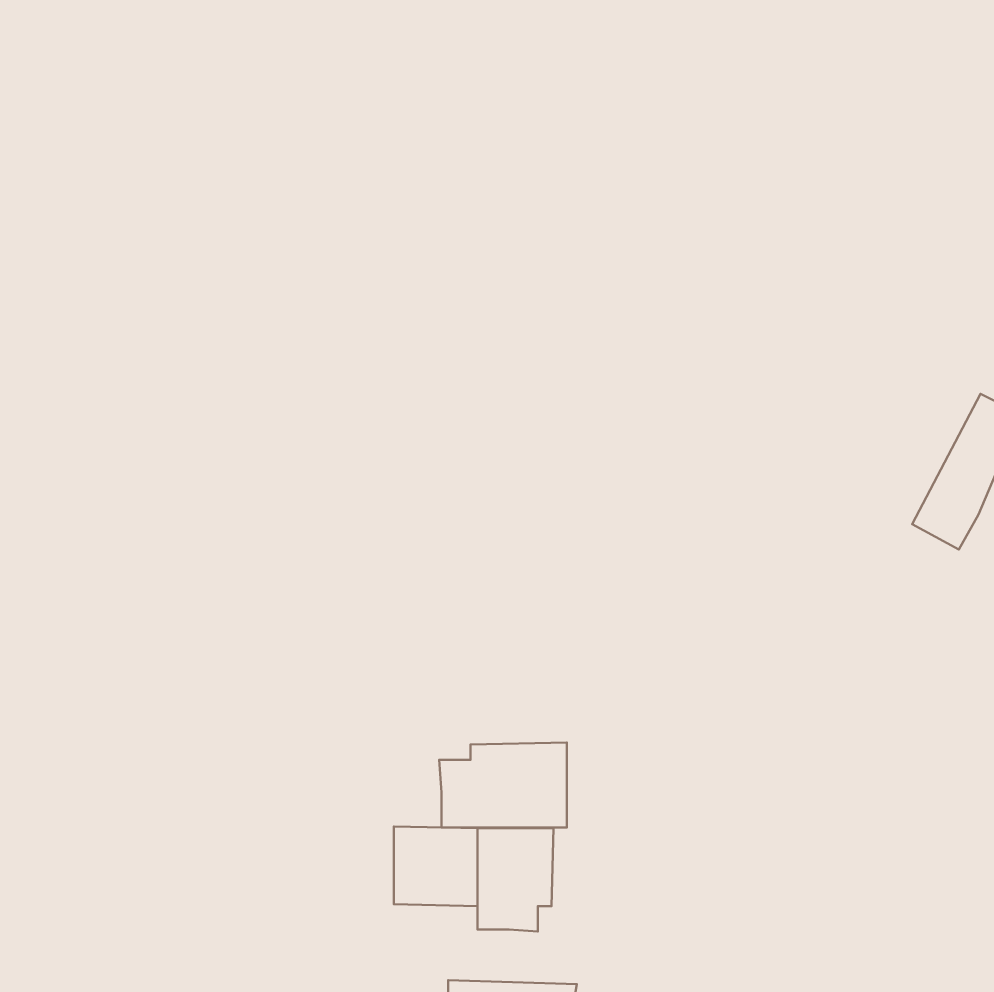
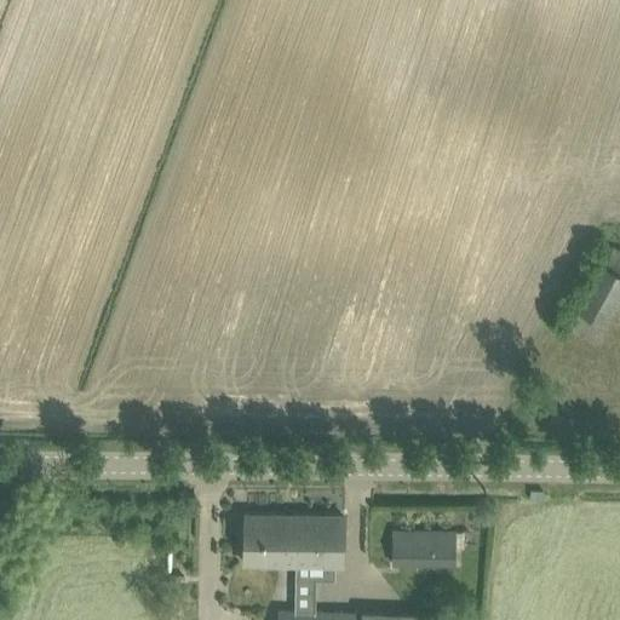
building: [439,742,567,827] -> none
building: none -> [395,533,457,567]

